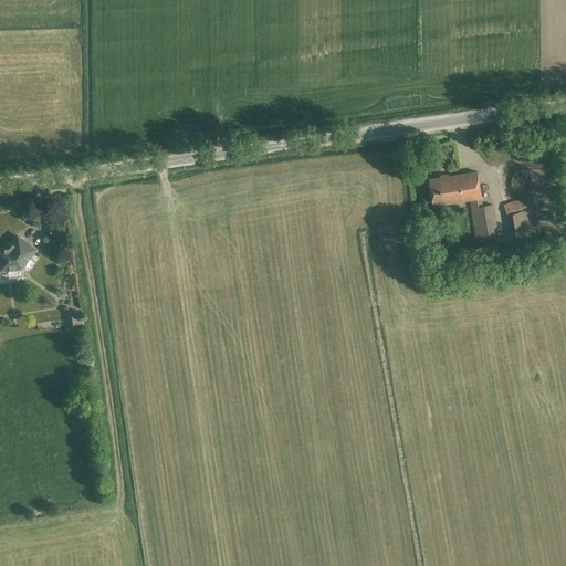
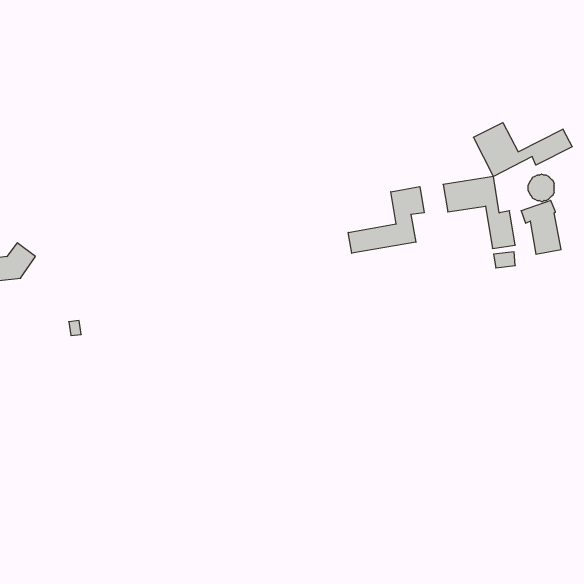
building: none -> [473,123,572,176]
building: none -> [348,187,424,253]

